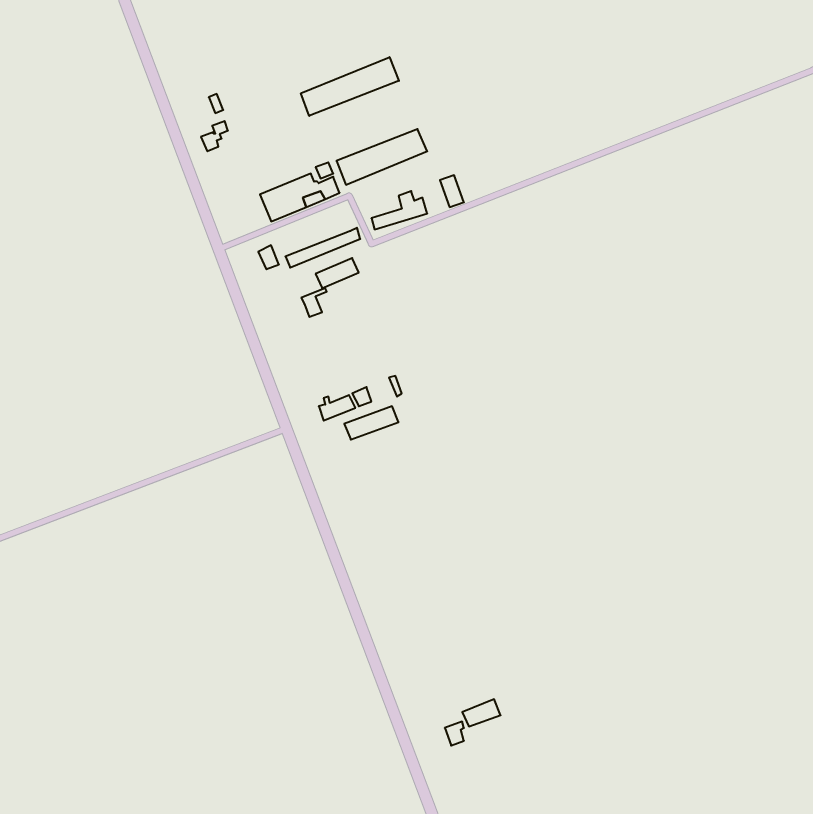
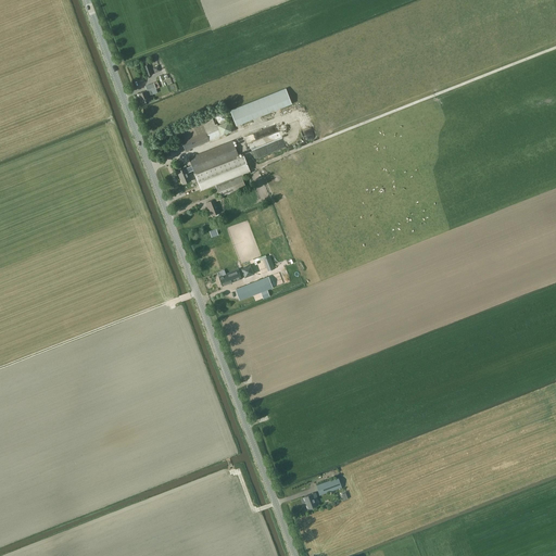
building: [301,57,399,116] -> none
building: none -> [188,140,239,175]

